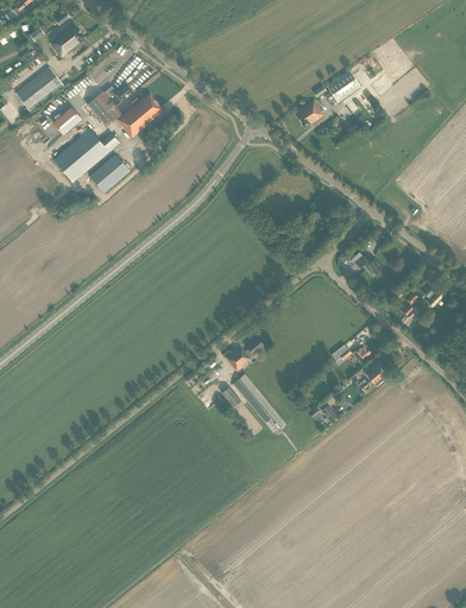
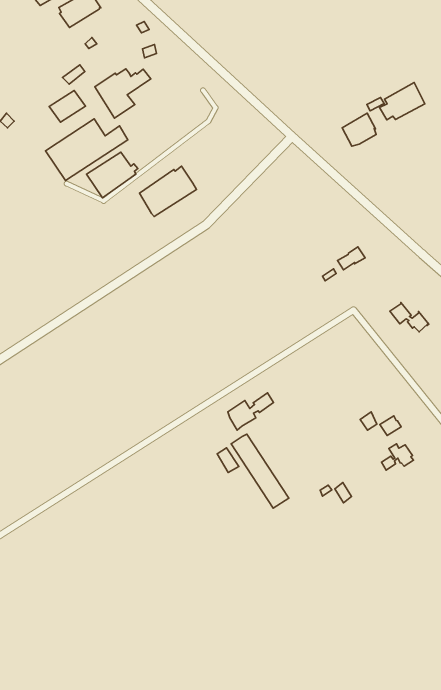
building: [14,66,63,112] -> none
building: [116,94,163,138] -> [139,166,196,217]

